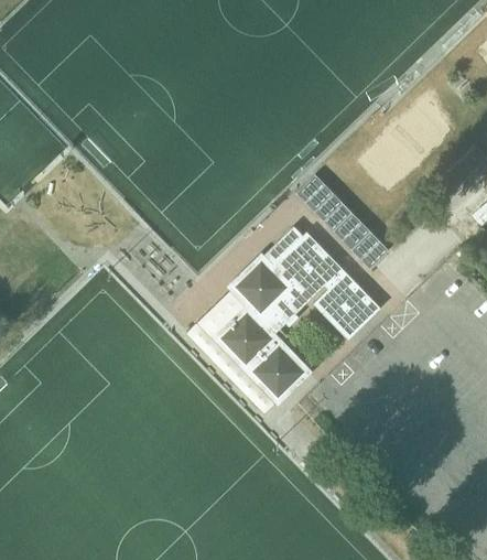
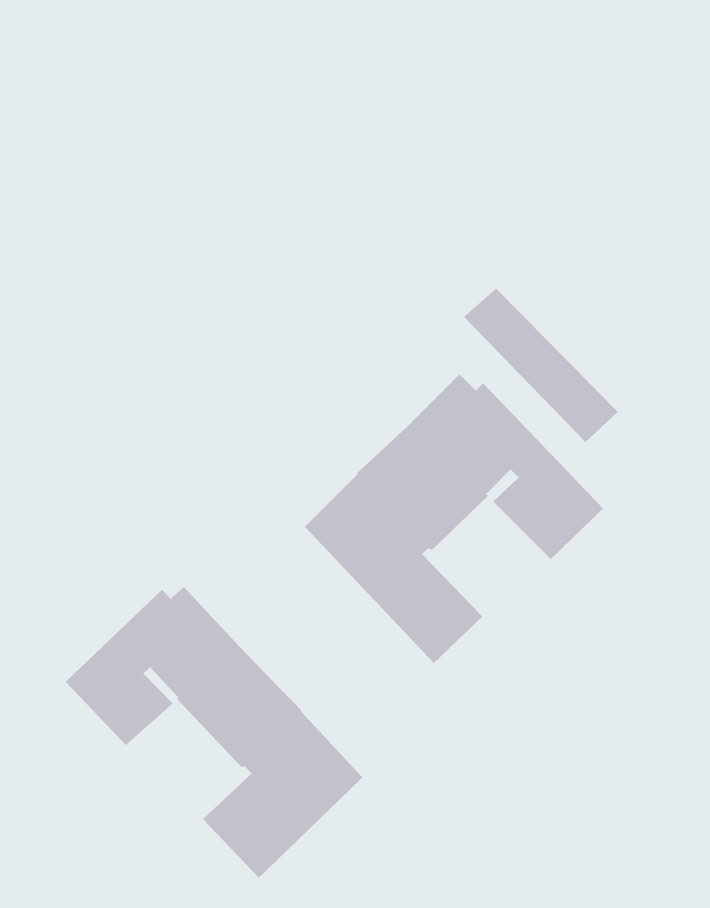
building: none -> [65,586,363,879]

